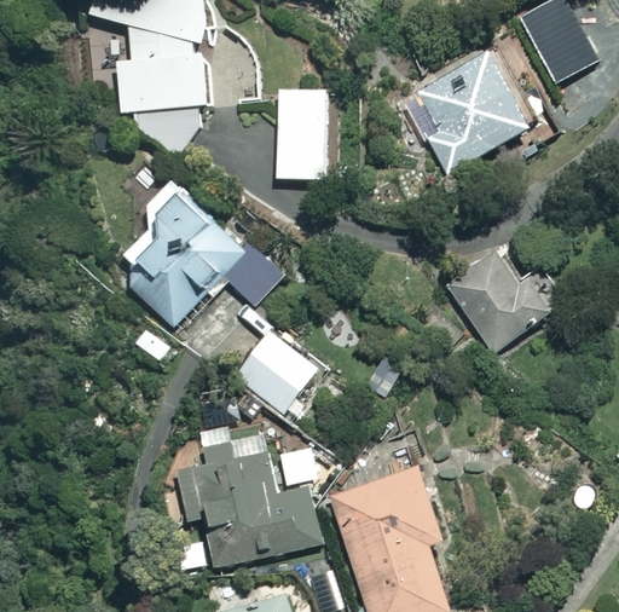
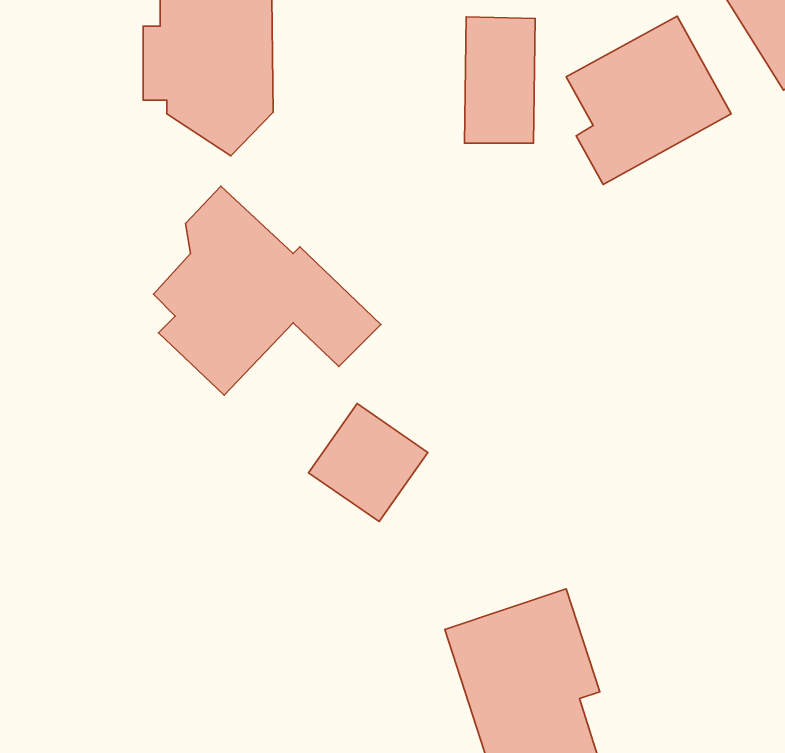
building: [276,88,326,179] -> [465,17,535,143]
building: [446,248,566,353] -> none
building: [179,444,320,567] -> none

